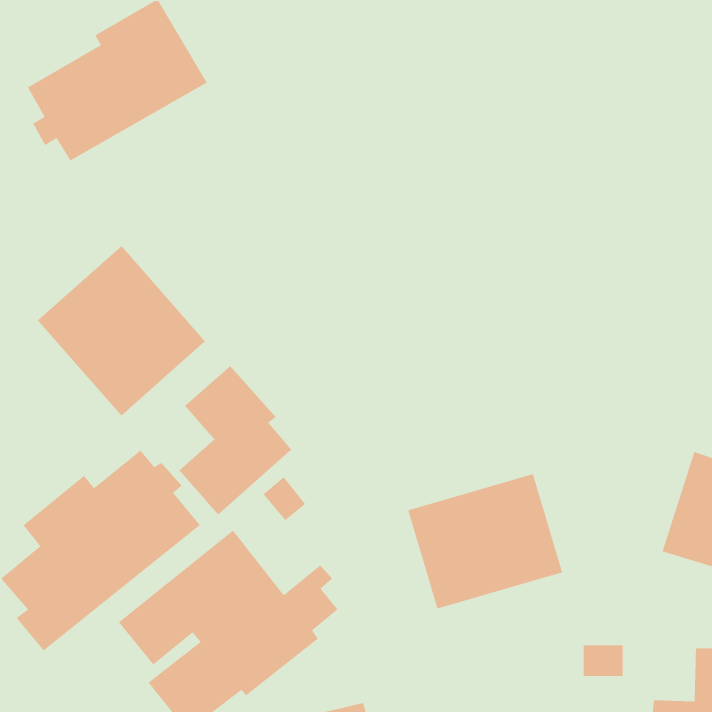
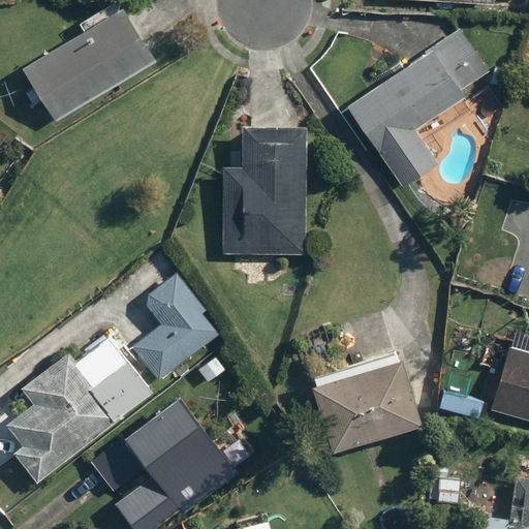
building: none -> [344,30,492,189]
building: none -> [223,124,306,257]
building: [37,245,206,416] -> none

